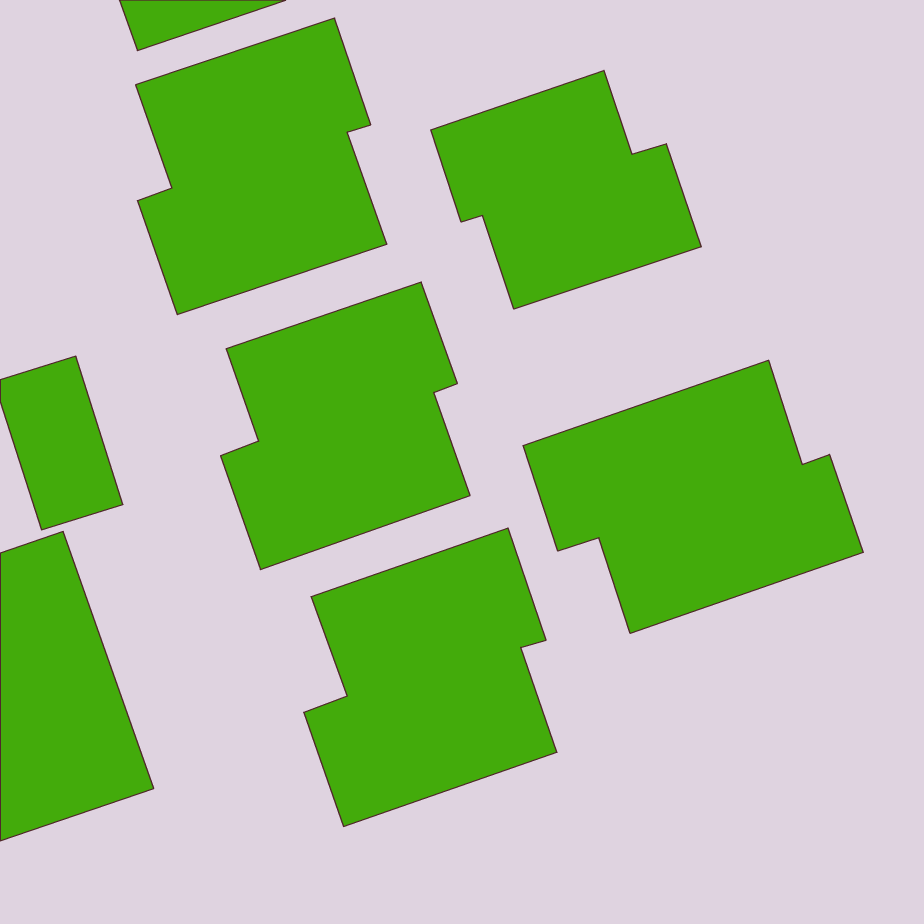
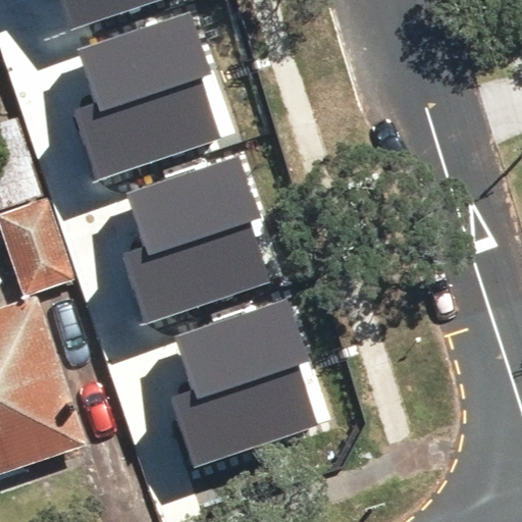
building: [431,70,701,309] -> none
building: [523,360,863,633] -> none

